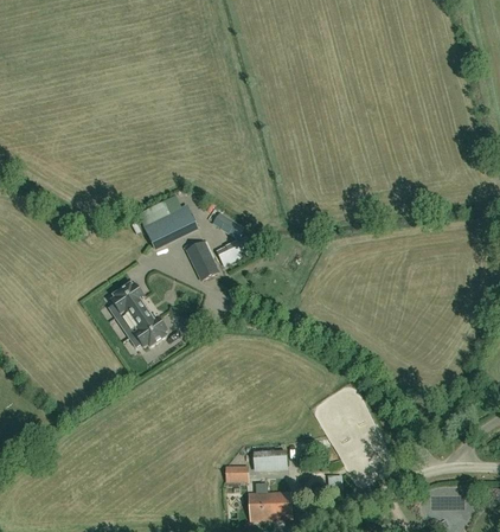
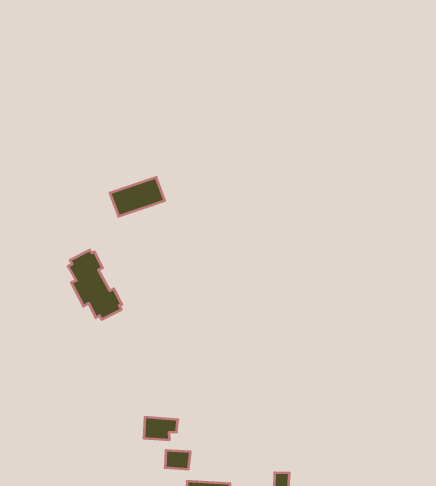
building: [188,241,218,280] -> none
building: [257,450,289,472] -> [144,417,178,440]

